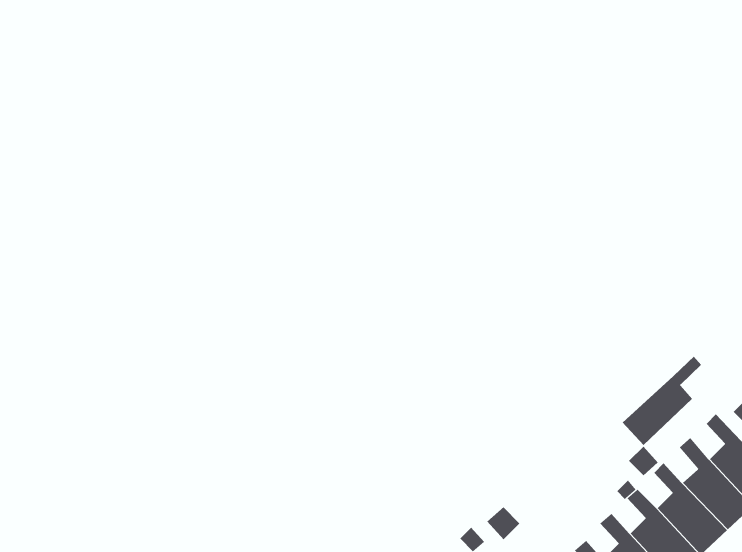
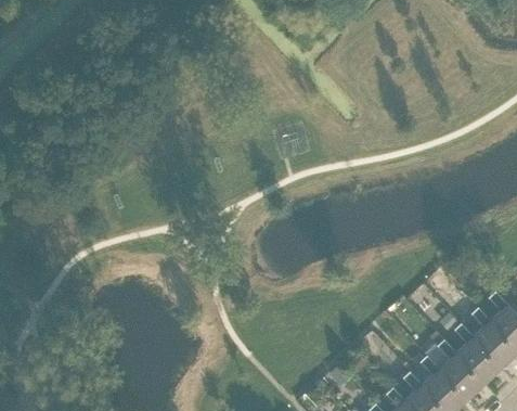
building: [622,356,702,446] -> none

